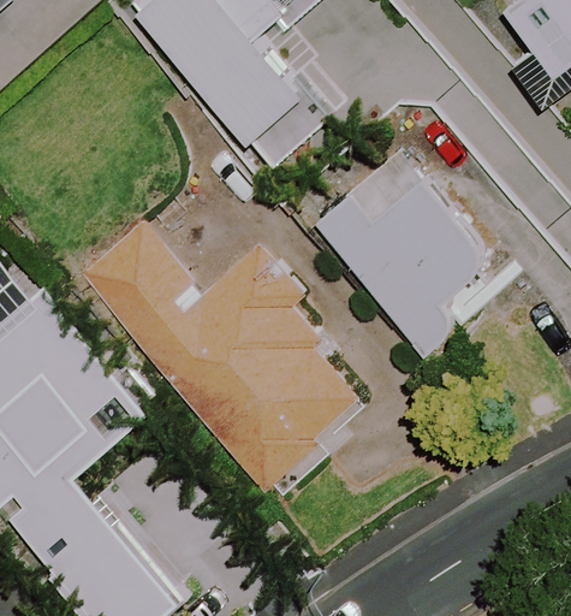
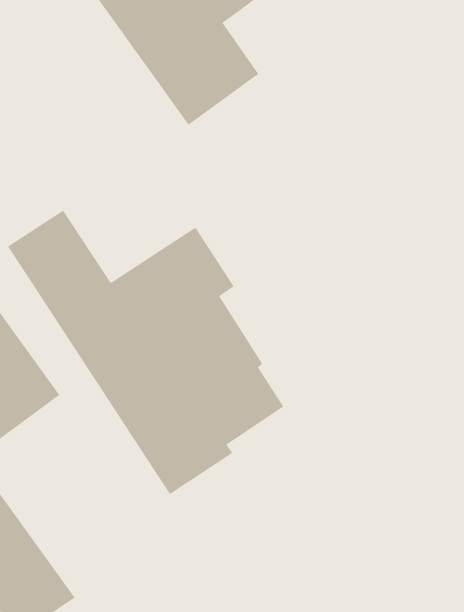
building: [310,179,484,351] -> none

